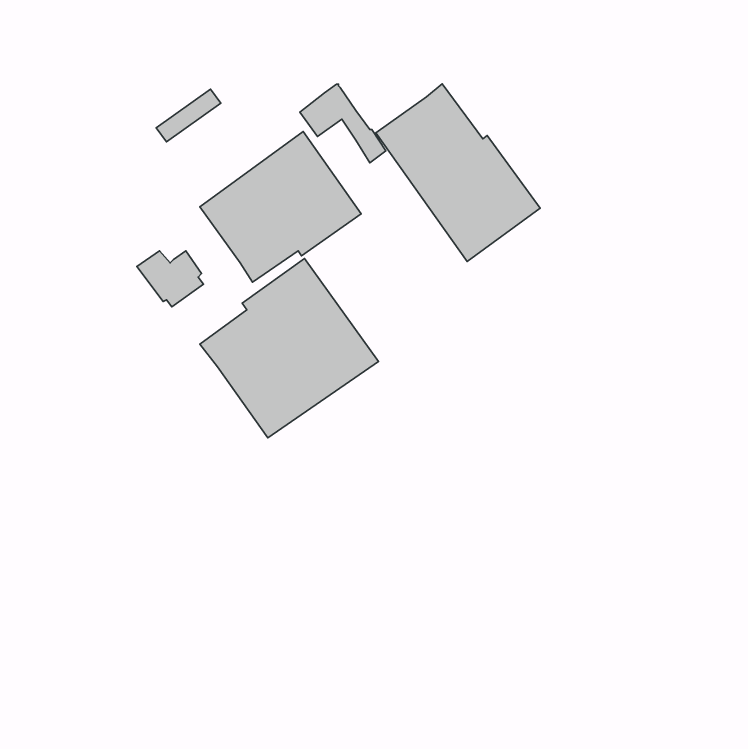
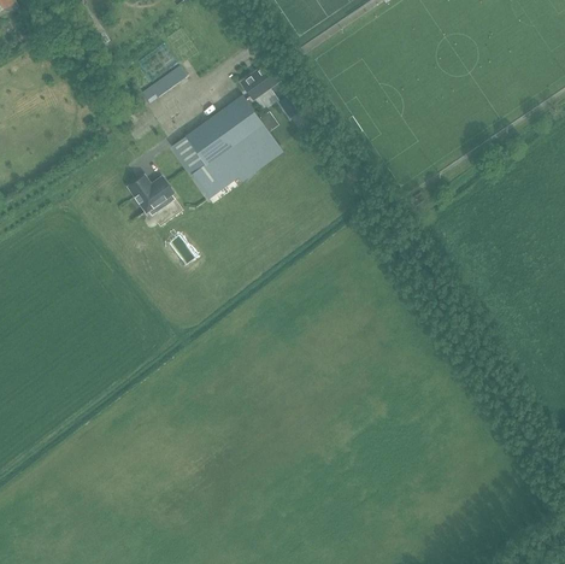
building: [376,84,540,262] -> none
building: [200,259,379,438] -> none

